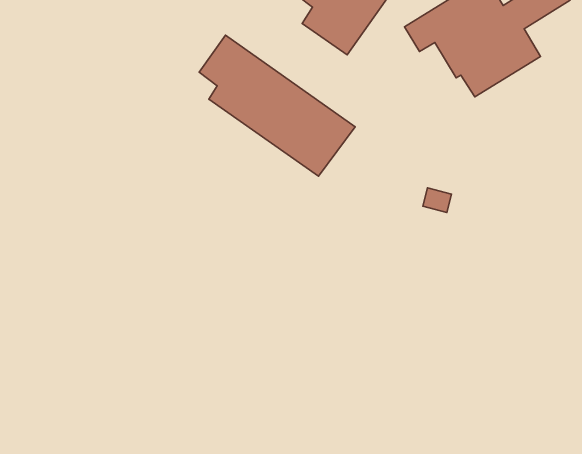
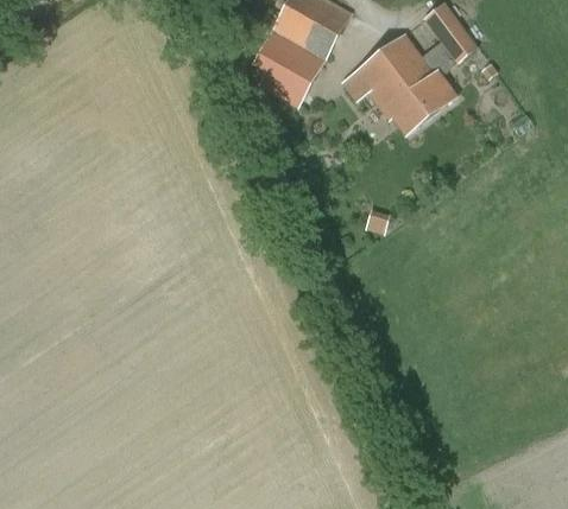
building: [199,35,355,176] -> none

